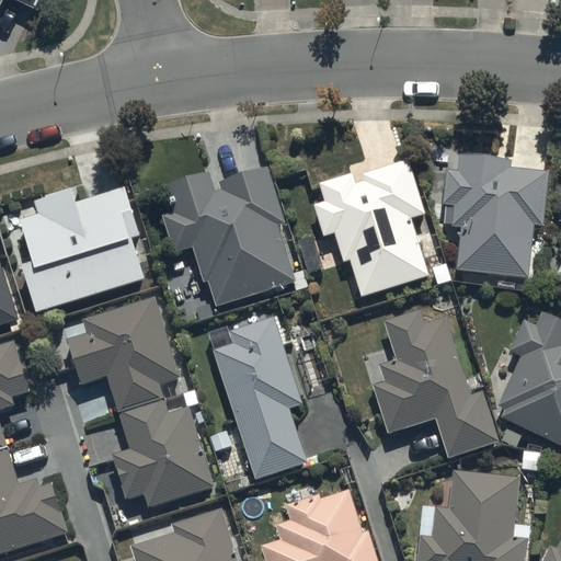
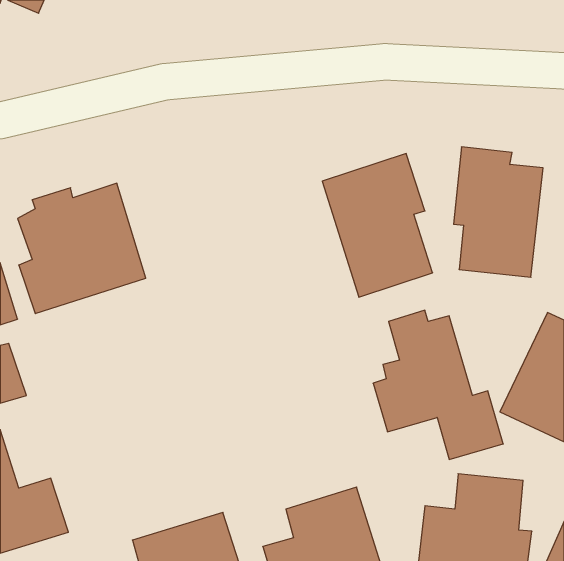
building: [161,164,297,307] -> none
building: [70,298,211,507] -> none
building: [213,319,305,479] -> none

